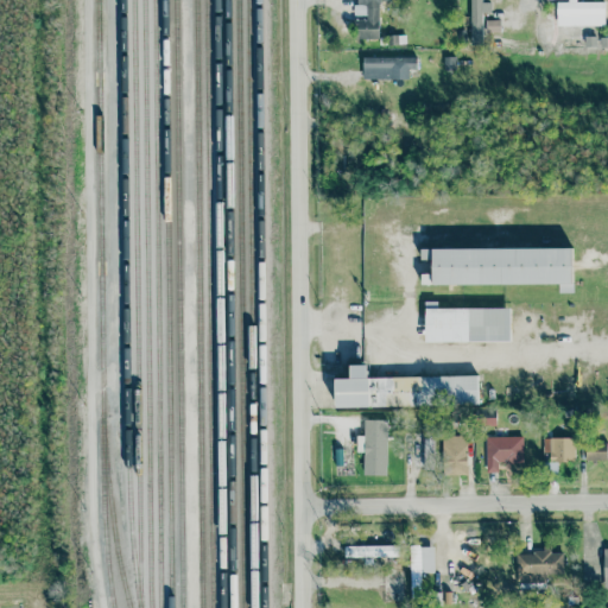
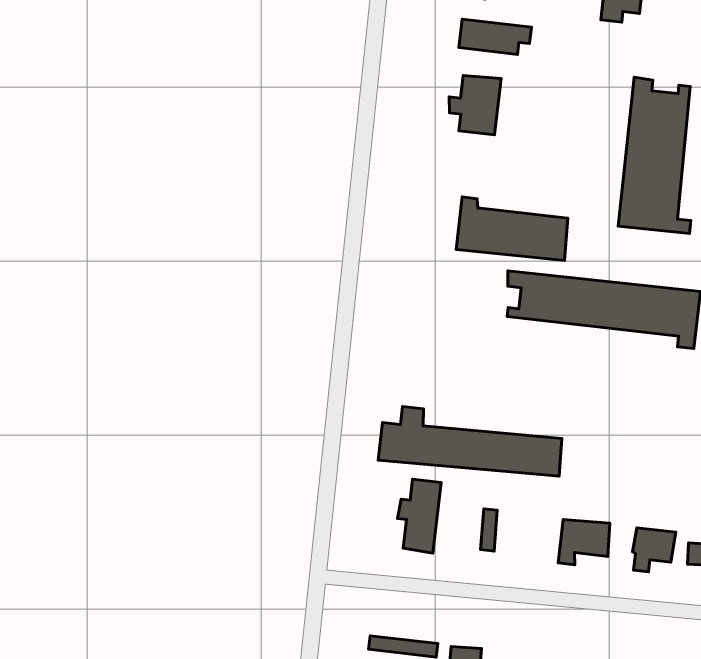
building: none -> [618,77,691,233]
building: none -> [449,75,501,135]
building: [426,300,512,342] -> [456,197,568,260]
building: [444,435,469,474] -> none

